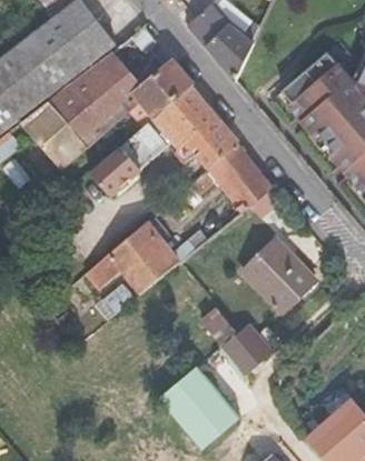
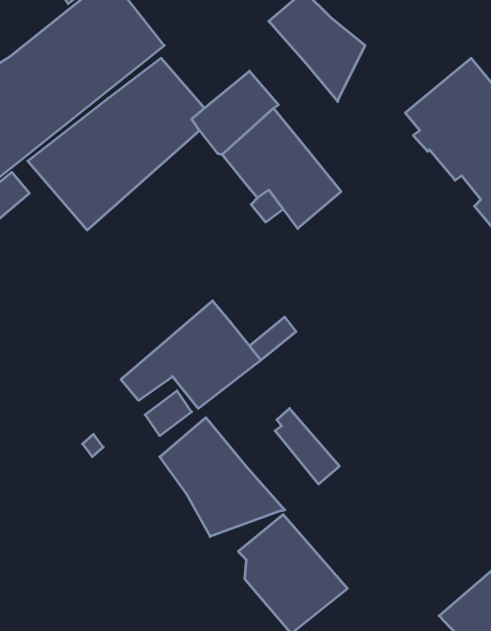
building: [89,118,174,198] -> none
building: [207,143,272,212] -> none
building: [243,238,315,311] -> none
building: none -> [160,418,285,537]
building: [221,324,279,374] -> none

